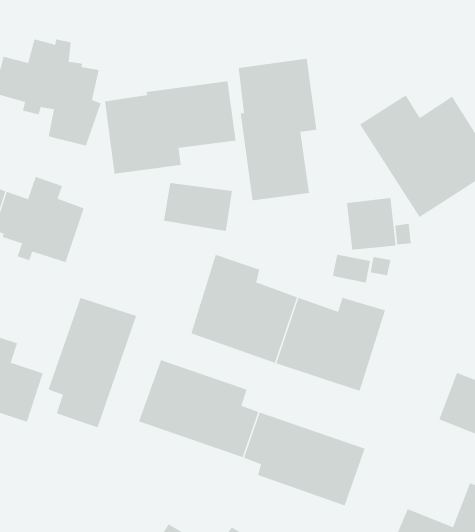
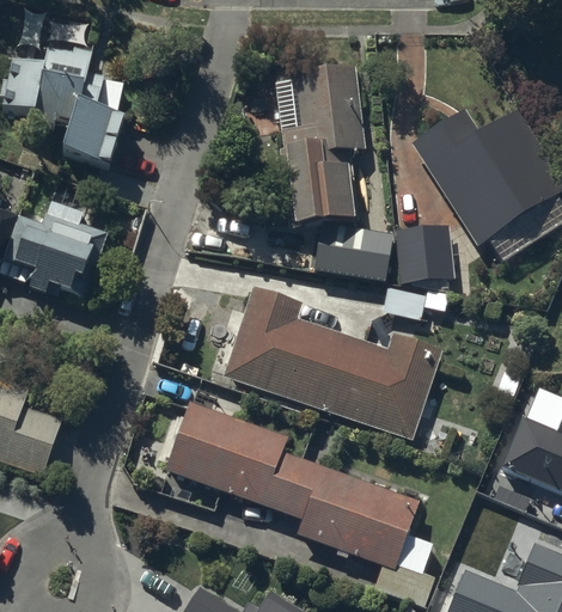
building: [105,80,236,174] -> none
building: [163,182,233,232] -> [316,225,393,280]
building: [48,297,137,428] -> none

